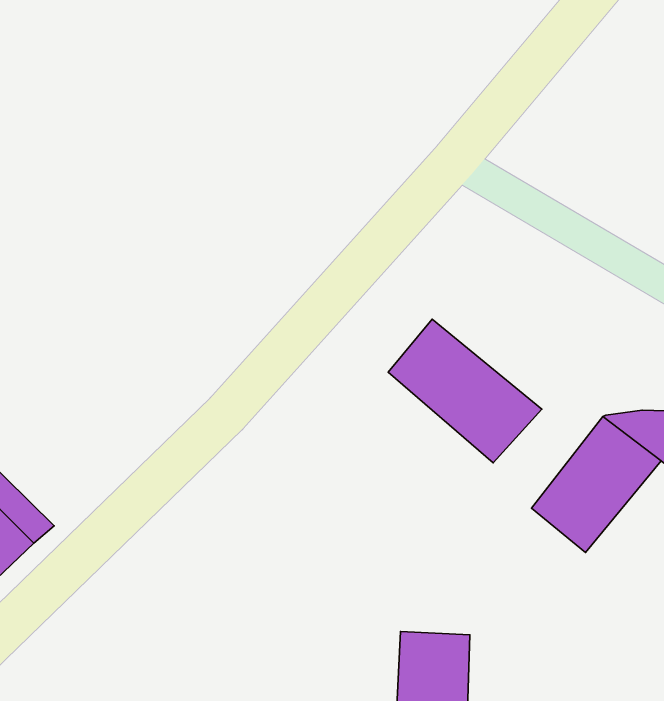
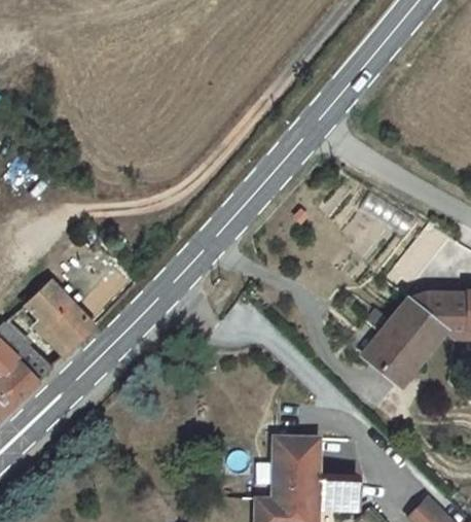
building: [388,319,542,463] -> none
building: none -> [22,279,95,355]

